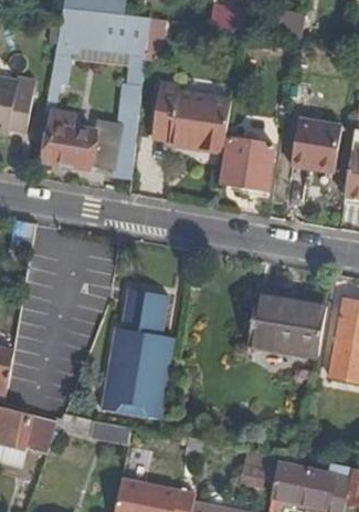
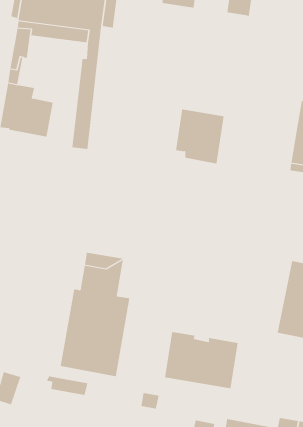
building: [152,84,231,153] -> none
building: [291,117,342,171] -> none
building: [247,295,326,356] -> [164,331,239,389]

